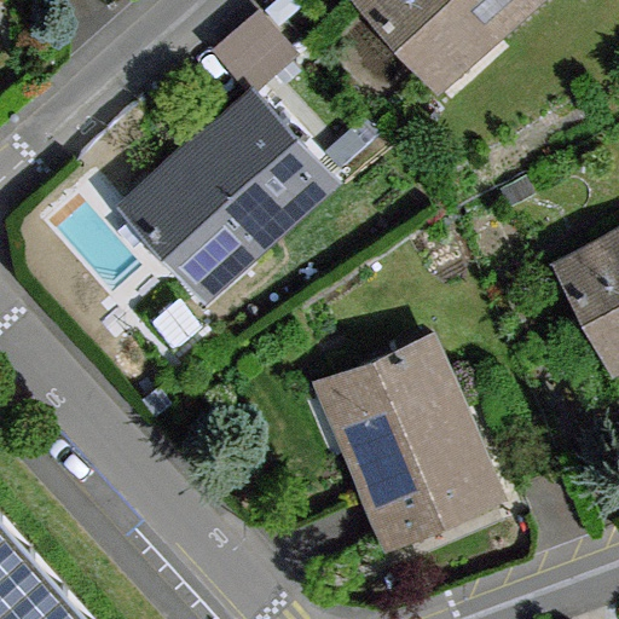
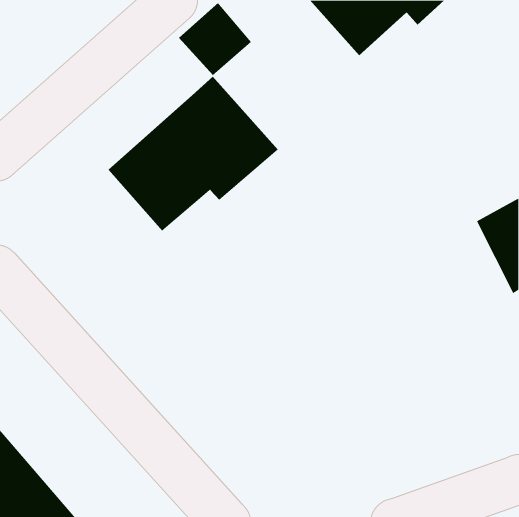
building: [340,343,494,542] -> none

